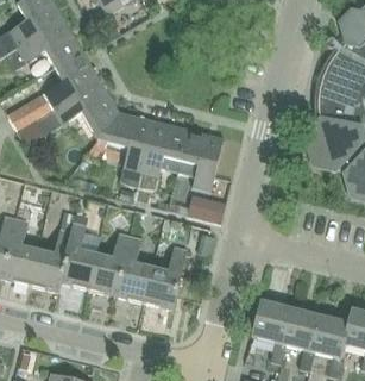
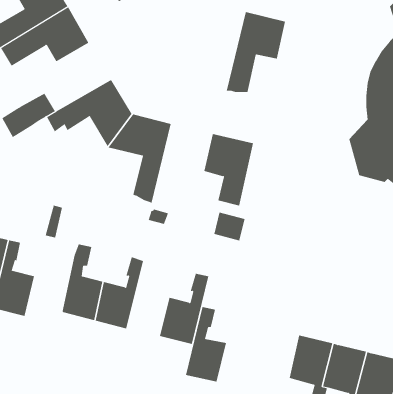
building: [45,51,102,110] -> none
building: [137,120,188,189] -> [226,12,286,93]
building: [29,230,70,292] -> none
building: [115,237,151,301] -> [185,307,227,382]

